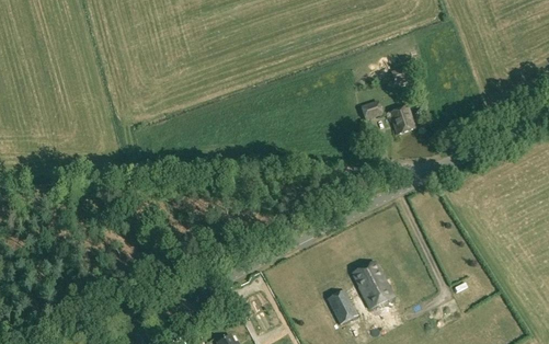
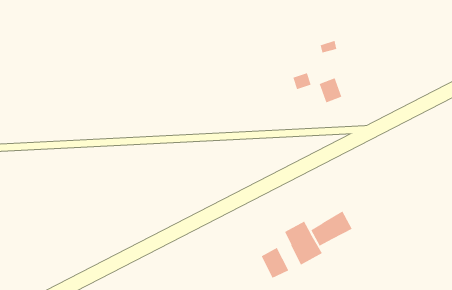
building: none -> [310,211,352,247]

